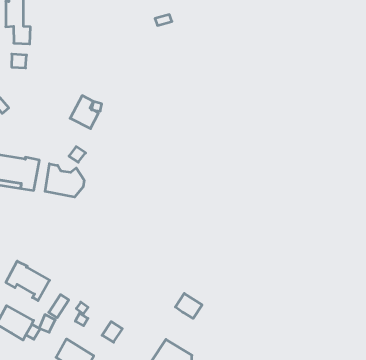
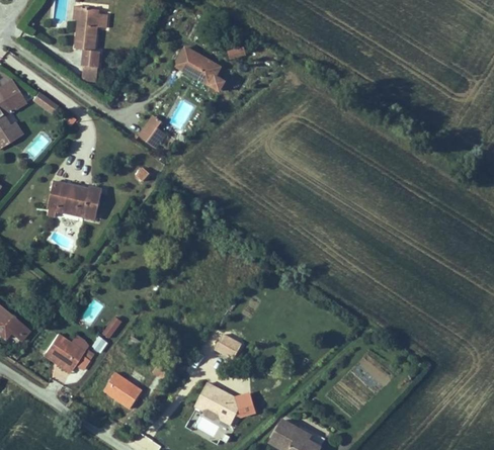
building: none -> [174,48,220,86]
building: [45,164,84,197] -> none
building: [6,261,50,301] -> none

